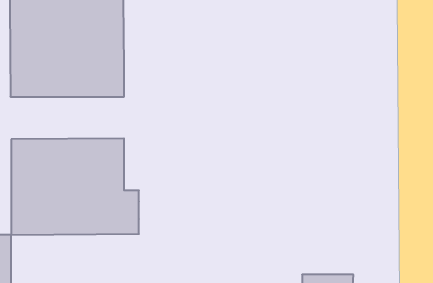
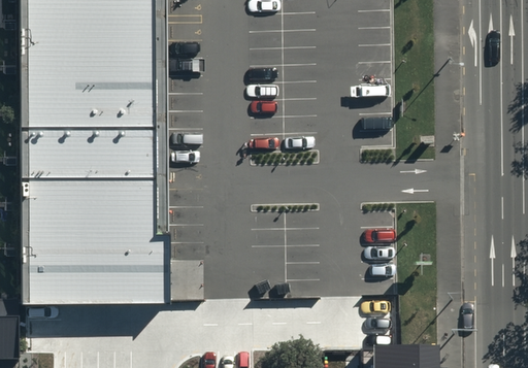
building: none -> [22,136,157,187]

